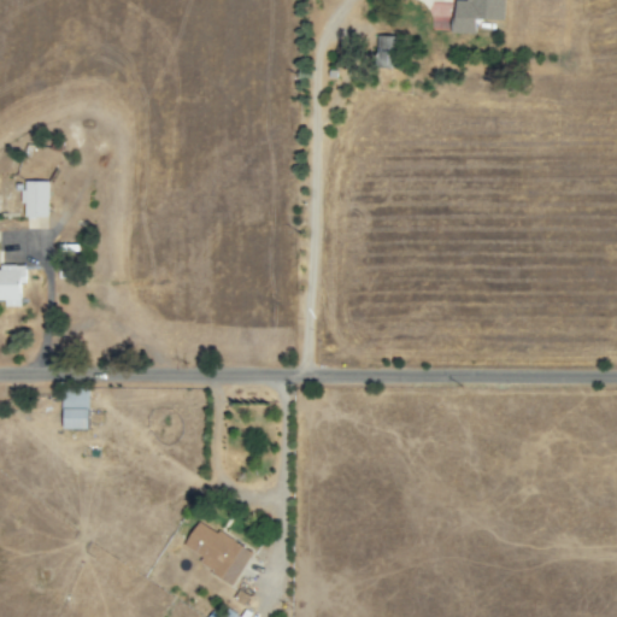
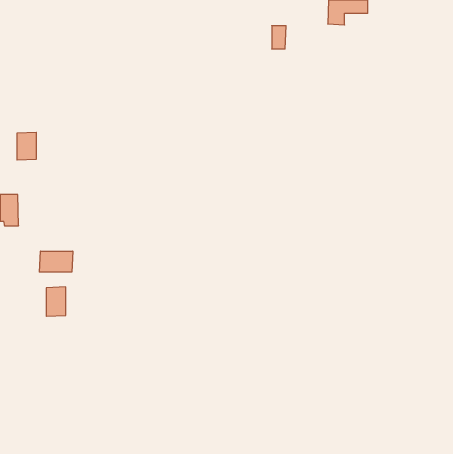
building: none -> [39,251,73,272]
building: [184,521,253,584] -> none

